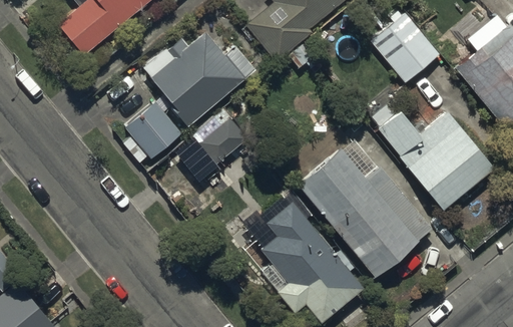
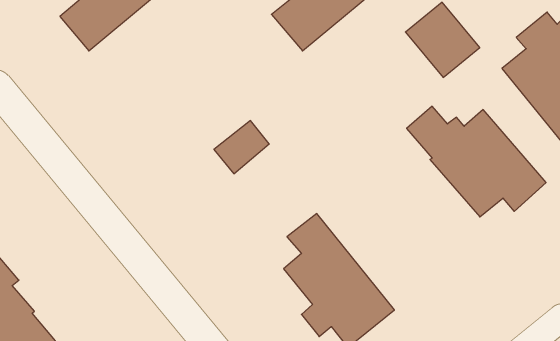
building: [124,31,255,167] -> none
building: [301,149,437,279] -> none

